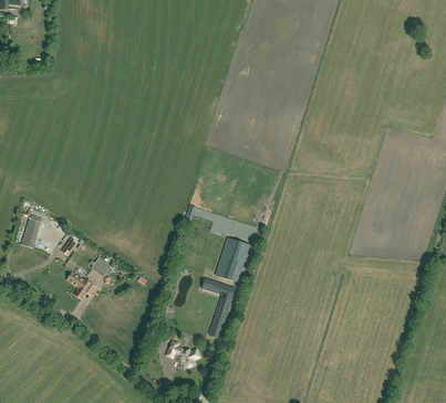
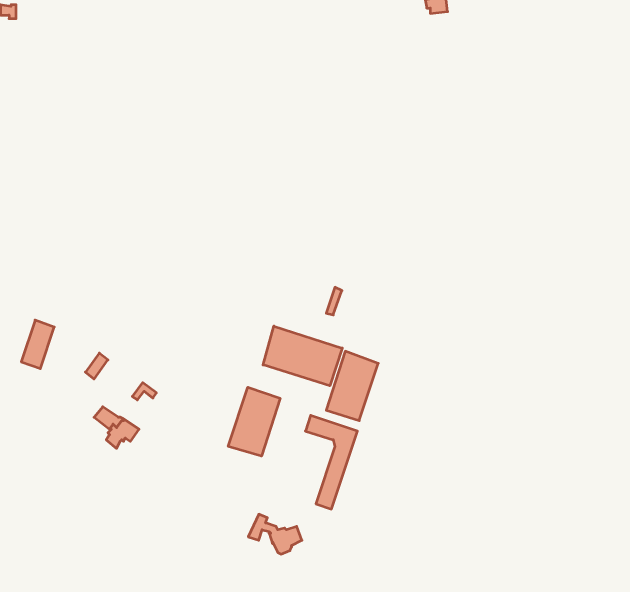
building: none -> [263,326,342,386]
building: none -> [228,387,280,456]

